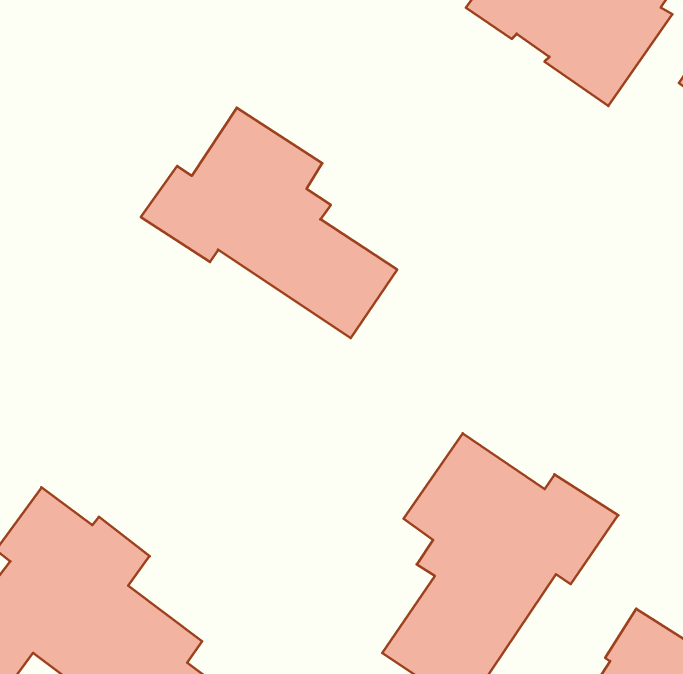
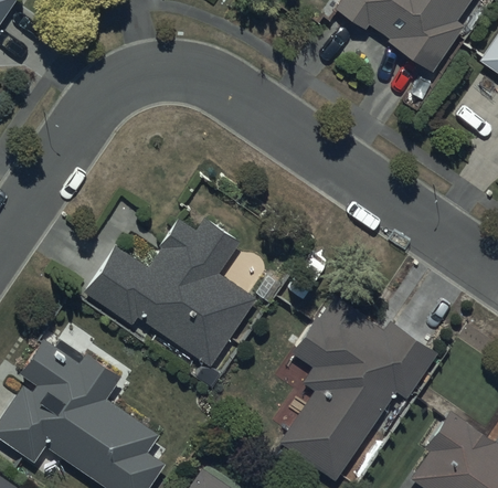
building: [141,108,397,338] -> none
building: none -> [84,219,258,367]

